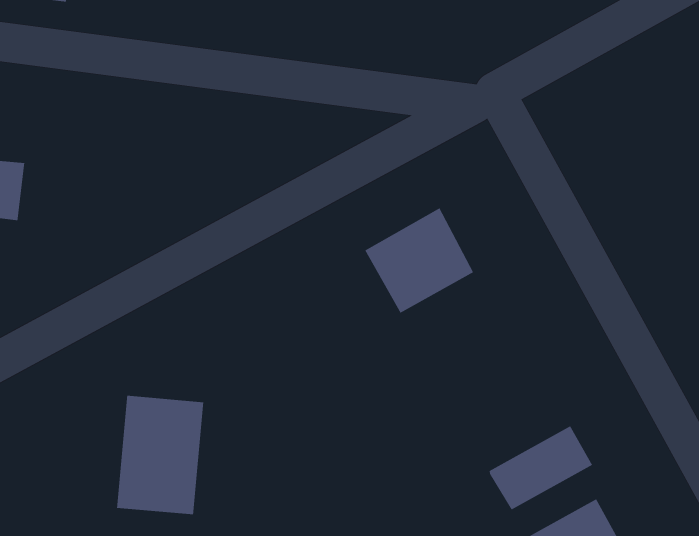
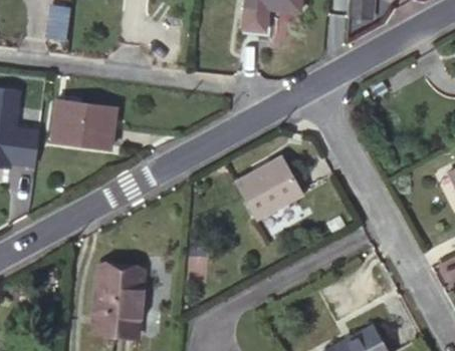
building: none -> [52,99,116,147]
building: [489,425,593,511] -> none

